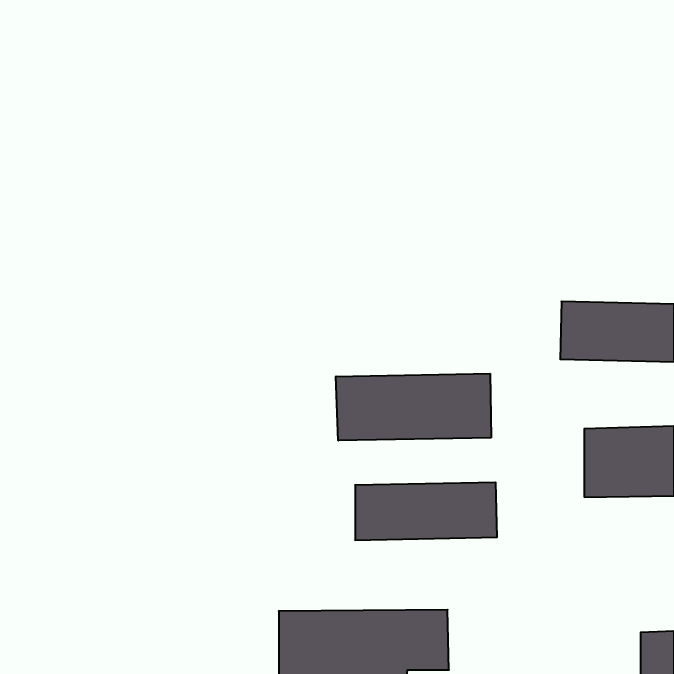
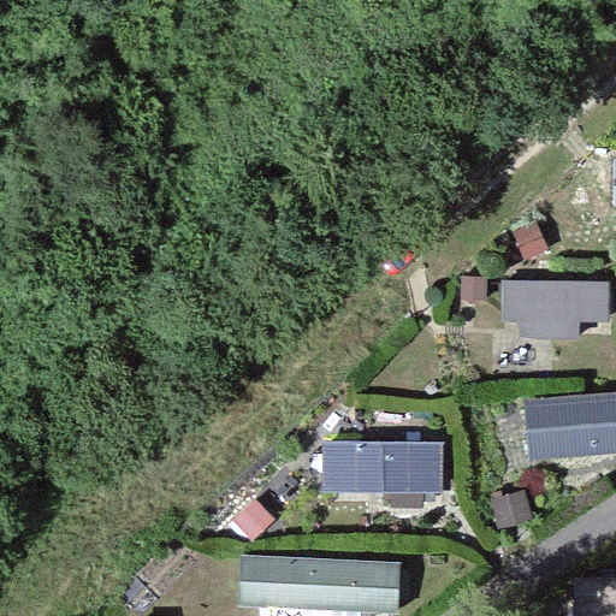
building: [336,374,491,441] -> none

